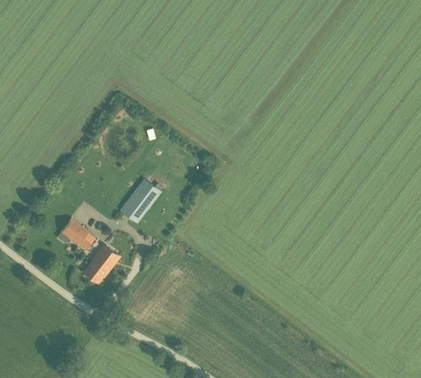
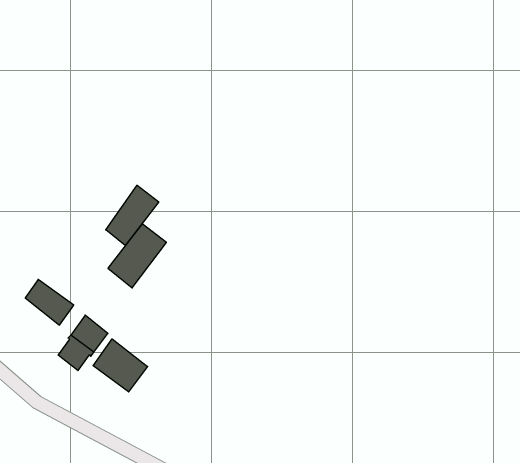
building: none -> [106,185,159,246]
building: none -> [93,339,148,392]

